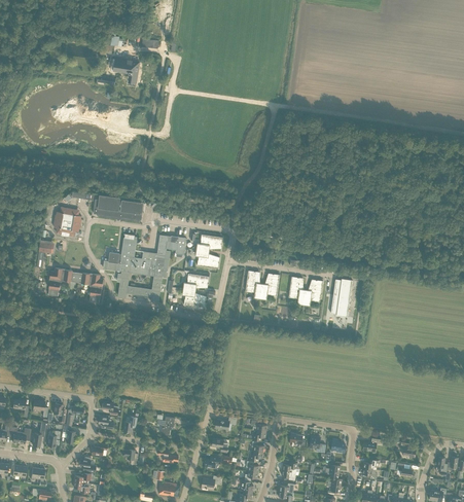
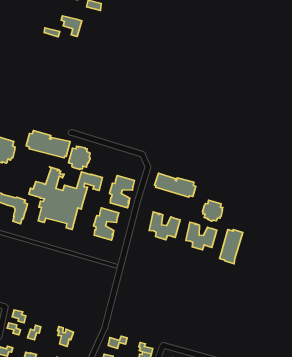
building: none -> [68,146,90,169]
building: none -> [155,173,196,197]
building: none -> [202,200,223,221]

